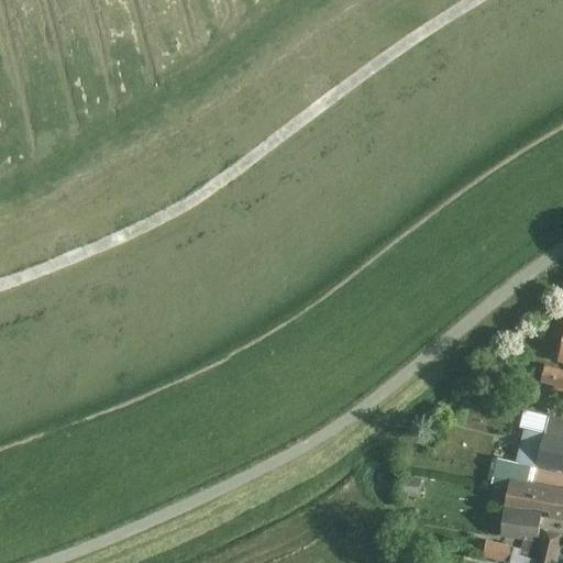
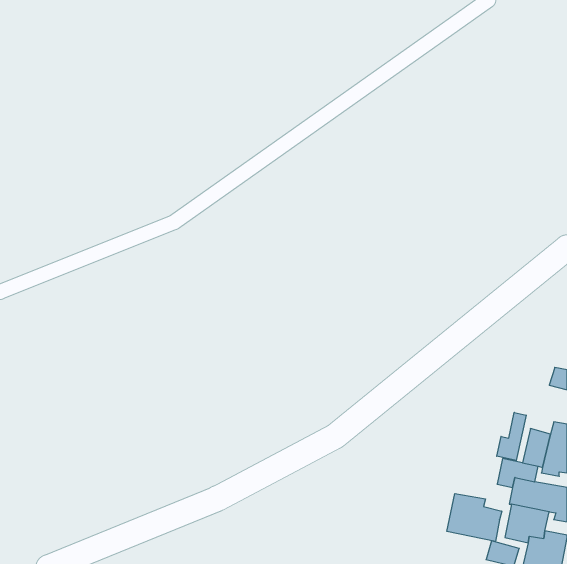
building: none -> [497,412,526,461]
building: none -> [447,494,502,542]

